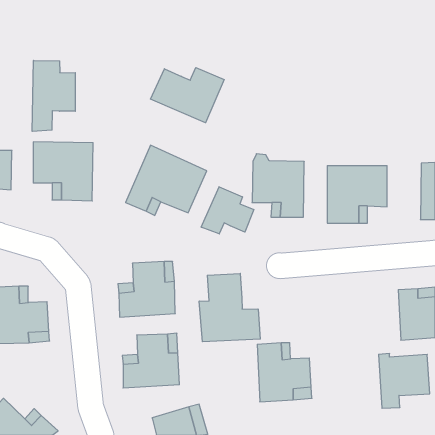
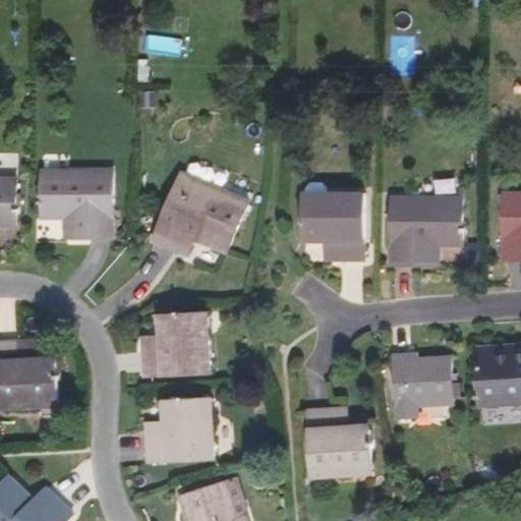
building: [32,60,75,131] -> none
building: [151,68,224,123] -> none
building: [201,187,254,234] -> none
building: [199,273,260,342] -> none
building: [379,354,430,408] -> [389,353,450,418]

